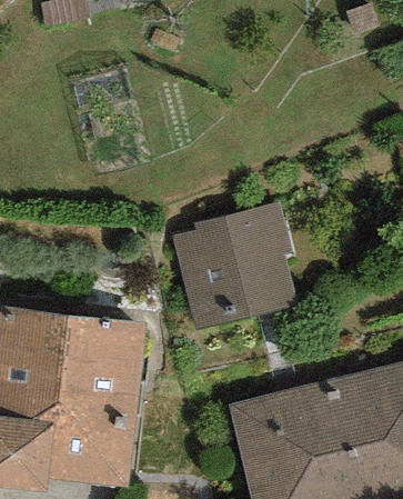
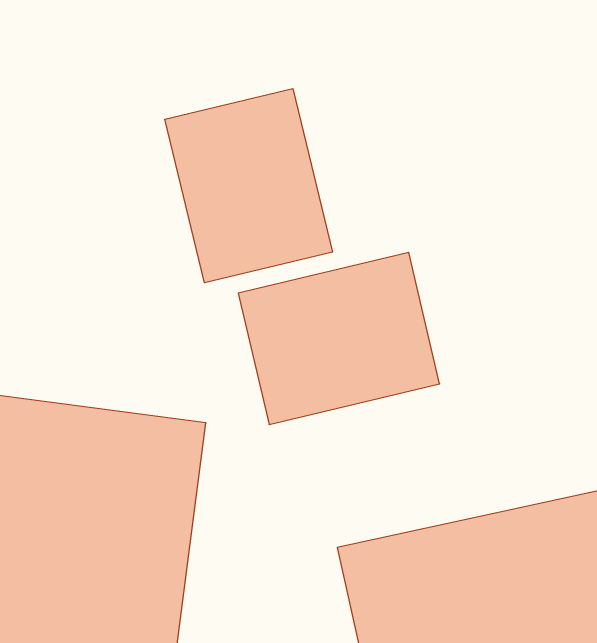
building: none -> [165,89,333,283]

